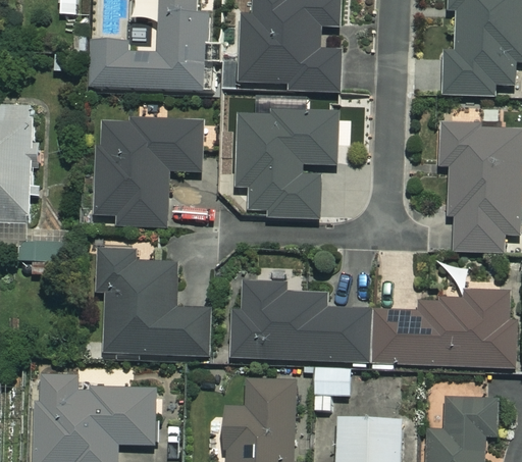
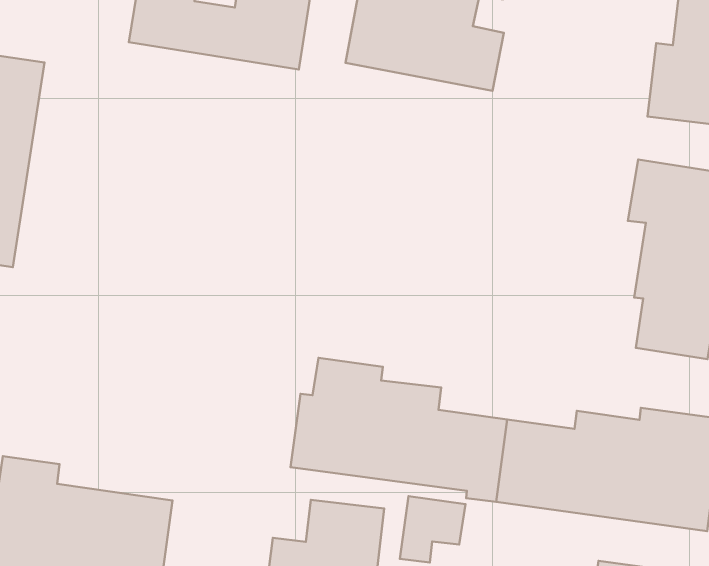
building: [236,108,337,218] -> none
building: [95,118,202,223] -> none
building: [98,250,210,354] -> none

